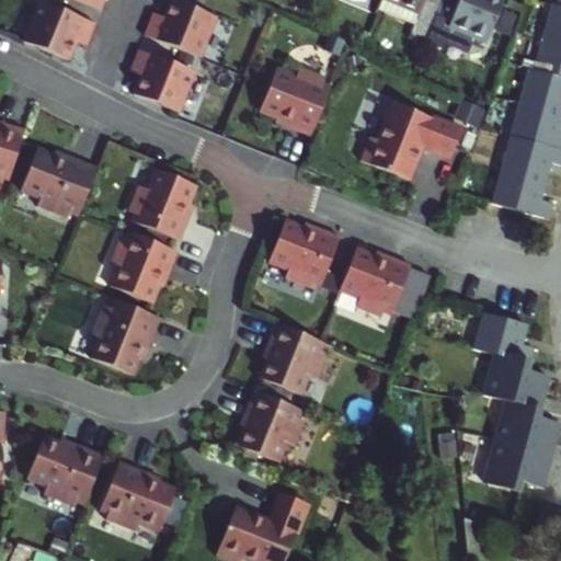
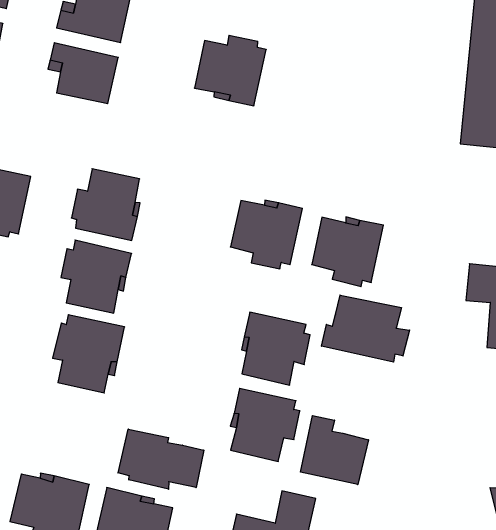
building: [362,101,463,179] -> none
building: none -> [322,295,410,362]
building: none -> [118,429,204,489]
building: none -> [301,416,368,485]

